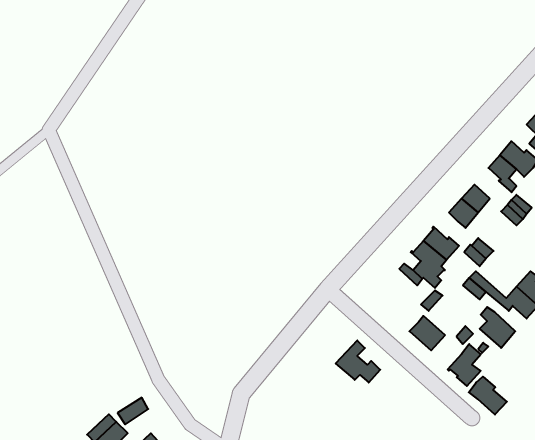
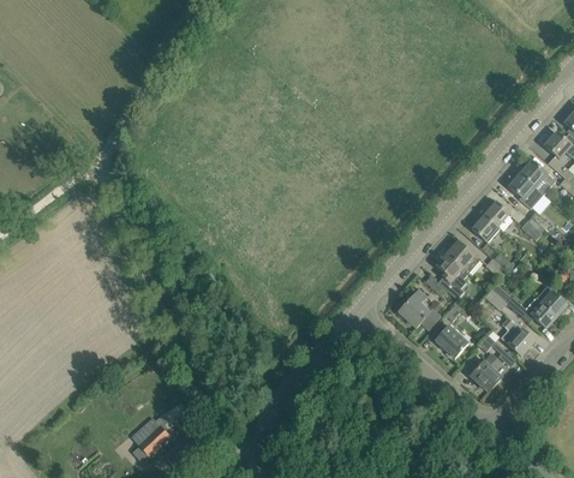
building: [336,340,380,383] -> [397,289,440,329]
building: [469,377,507,415] -> none

